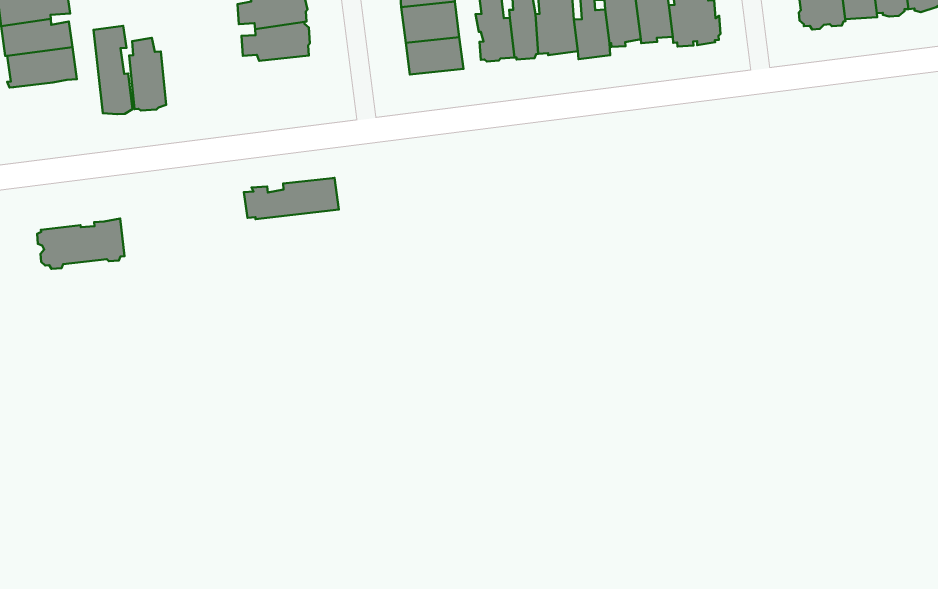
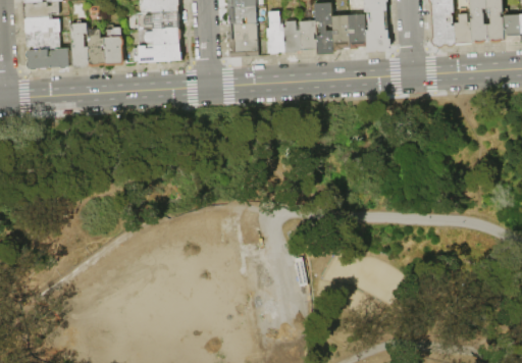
building: none -> [104,25,124,65]
building: [244,178,339,219] -> [134,43,181,61]
building: [37,218,125,269] -> [25,46,69,69]

